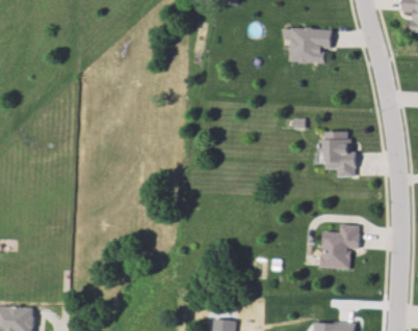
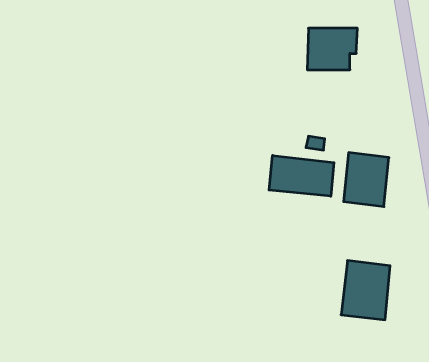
building: none -> [269,155,334,196]

